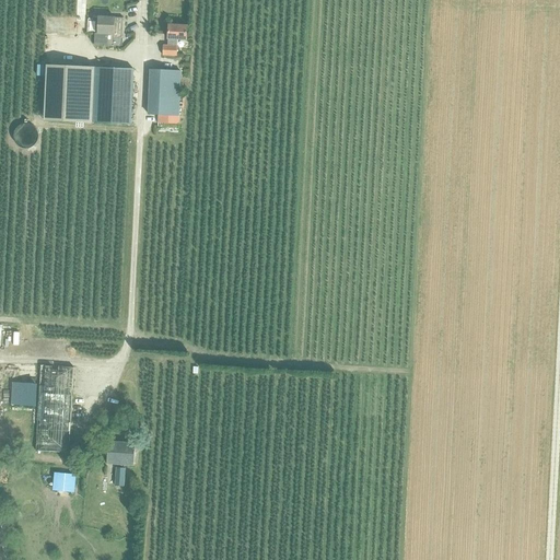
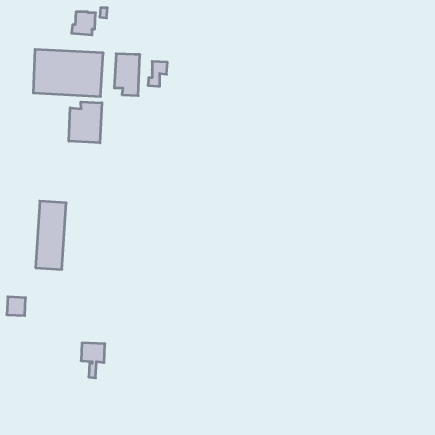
building: [161,23,186,55] -> [148,61,167,86]
building: none -> [69,102,102,143]
building: [33,363,72,451] -> [36,201,66,269]

